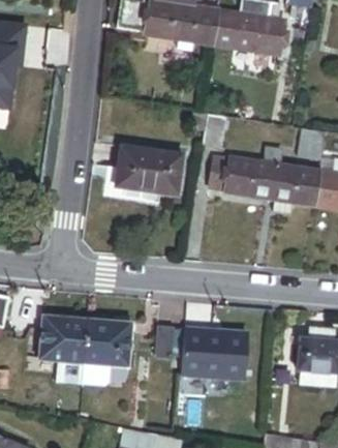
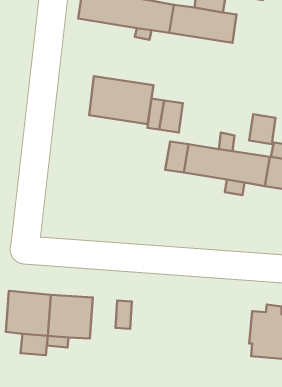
building: [116,145,184,196] -> [89,76,154,124]
building: [182,327,248,381] -> none

